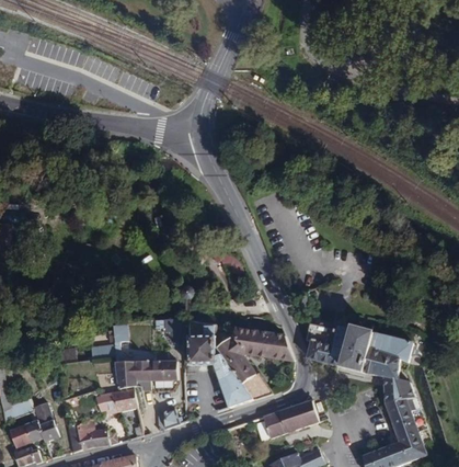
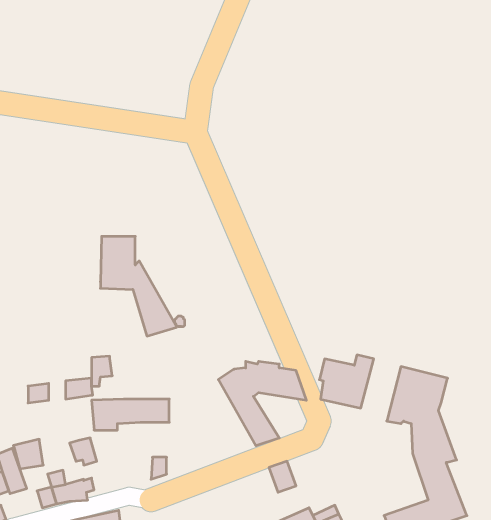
building: [186,322,251,407] -> [100,236,177,336]
building: [337,326,374,378] -> none
building: [111,387,136,412] -> [13,439,43,469]
building: [277,400,319,433] -> none

